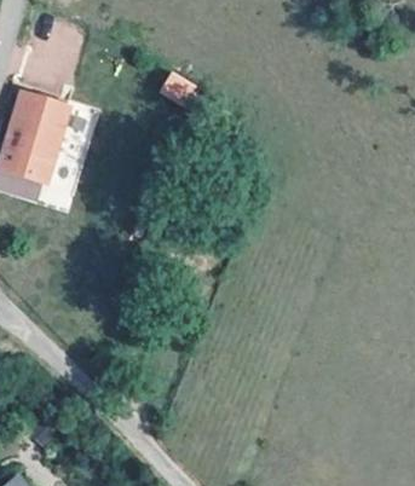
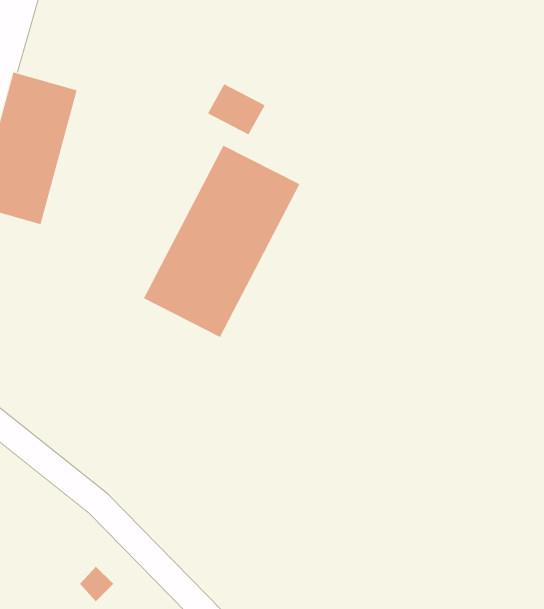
building: none -> [143,145,300,338]

